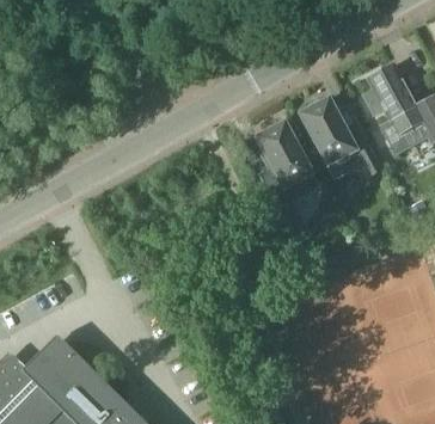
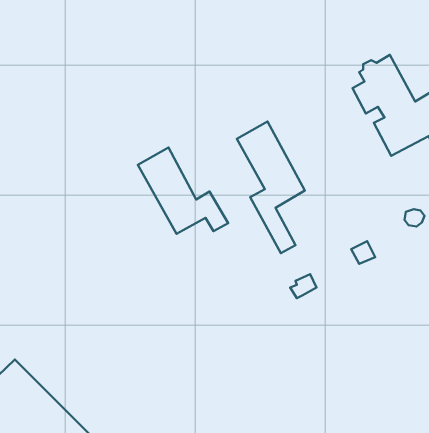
building: [301,99,382,177] -> [138,148,228,234]

